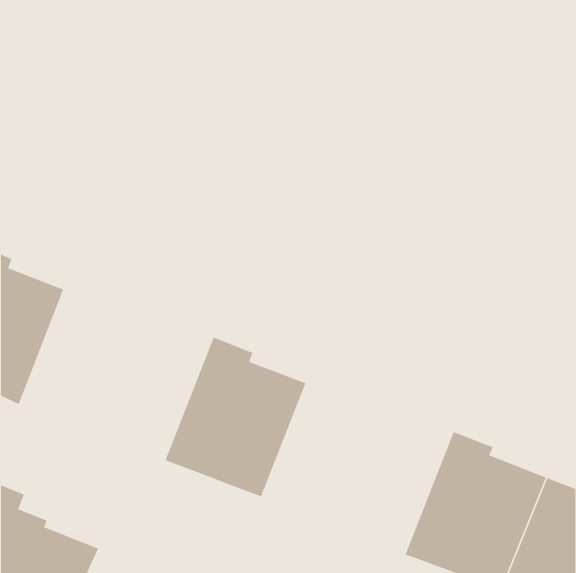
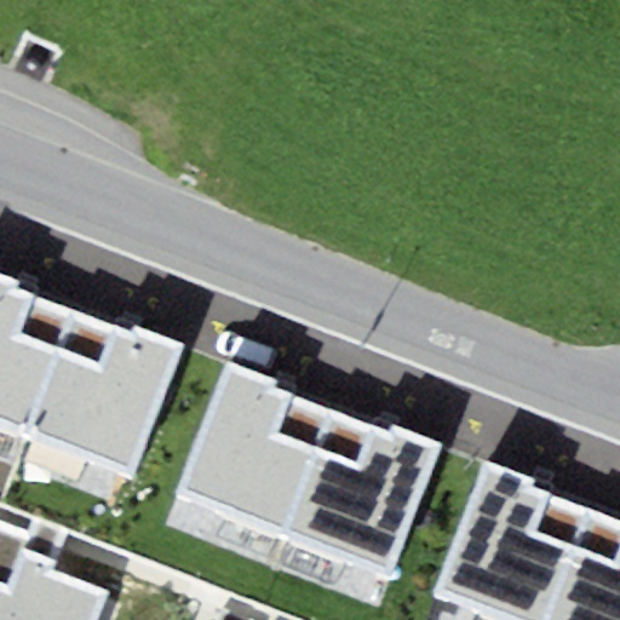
building: none -> [21,314,177,478]
building: none -> [281,414,437,578]

